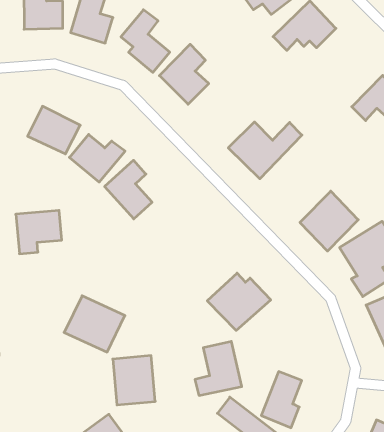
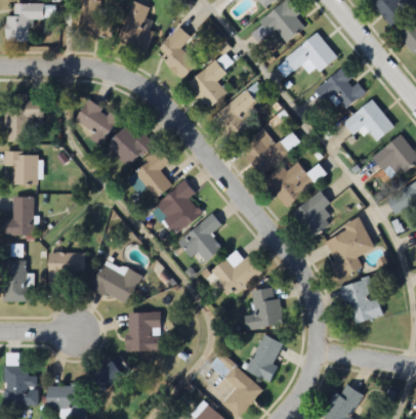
building: none -> [315,67,366,110]
building: none -> [215,82,266,139]
building: none -> [264,162,327,208]
building: none -> [154,180,202,235]
building: [16,210,62,254] -> [48,253,84,286]
building: none -> [178,213,222,267]
building: [195,341,242,395] -> [244,288,282,330]

